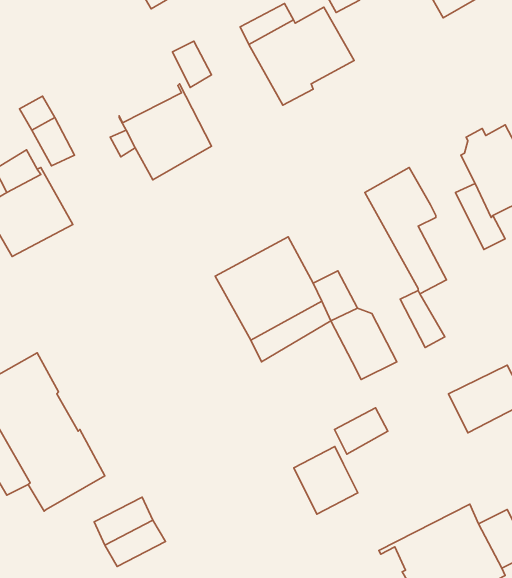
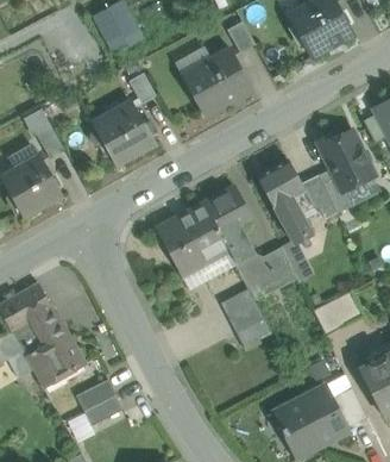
building: none -> [301,174,336,218]
building: none -> [206,187,252,235]
building: none -> [262,245,297,287]
building: [294,446,358,514] -> [221,287,264,332]

